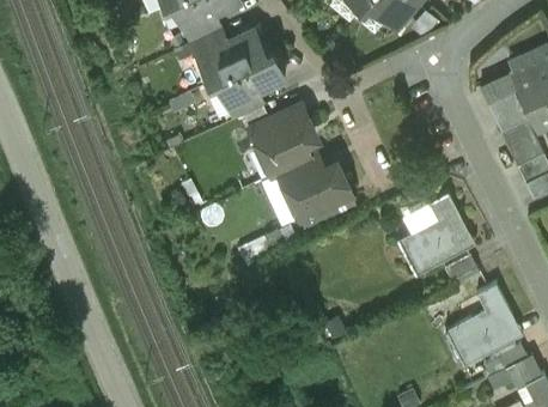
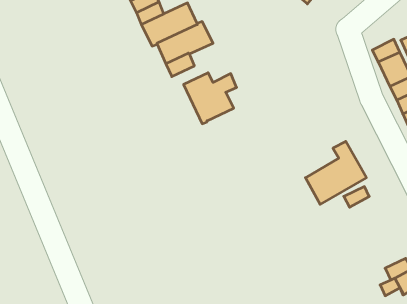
building: [278,151,352,218] -> none
building: [443,277,511,360] -> none

